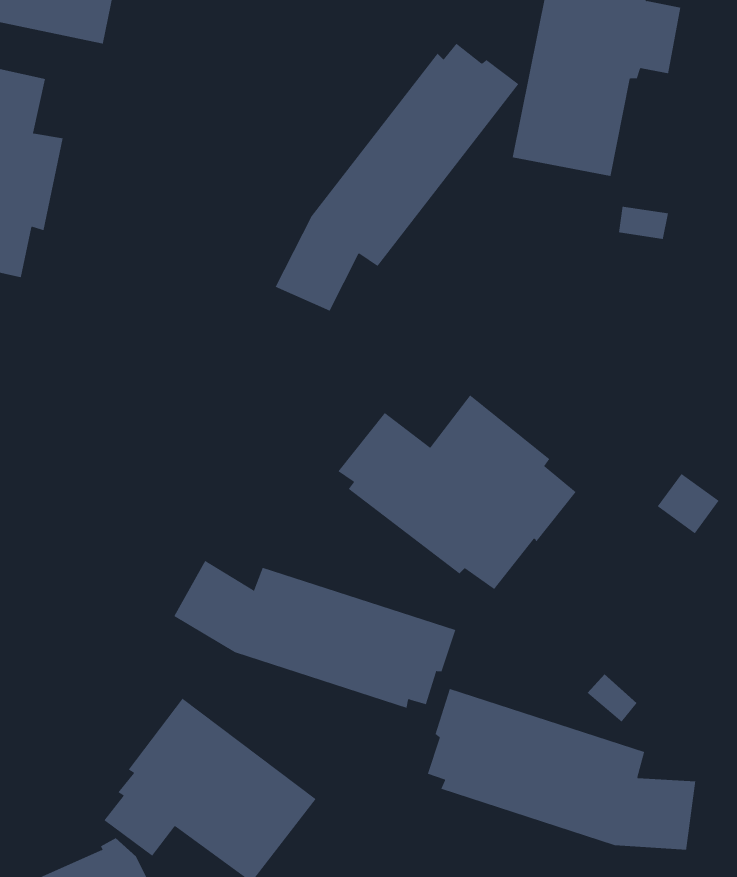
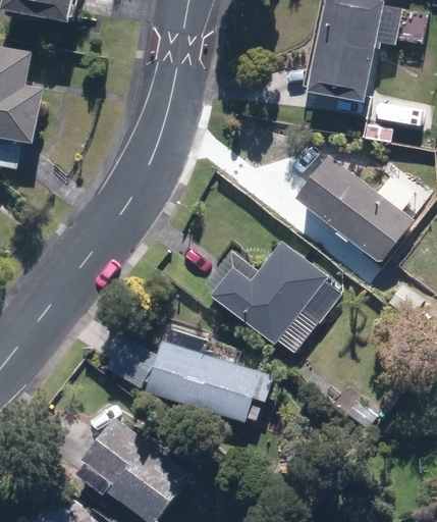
building: [275,43,519,312] -> none
building: none -> [293,152,415,262]
building: [427,688,696,851] -> none

